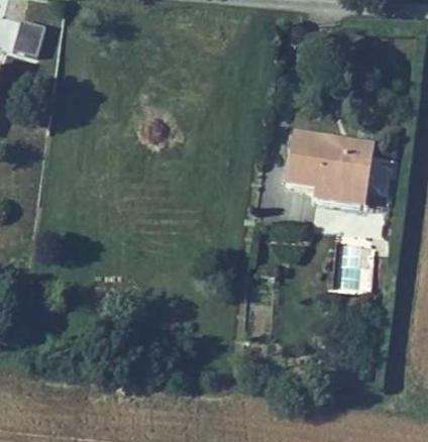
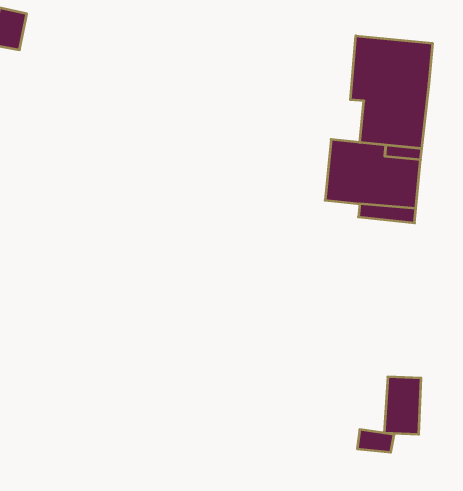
building: none -> [350,36,432,149]
building: [331,244,362,293] -> [384,377,421,434]

